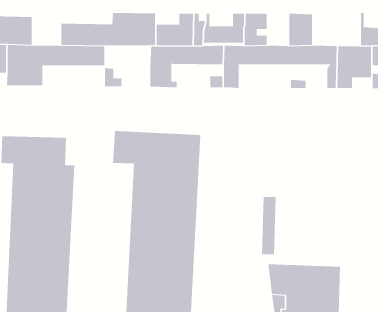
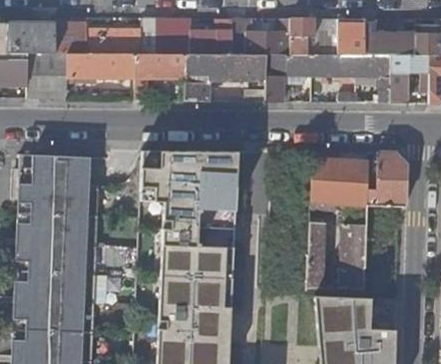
building: none -> [313,19,336,55]
building: none -> [363,19,415,55]
building: none -> [53,23,85,54]
building: none -> [133,55,183,77]
building: none -> [309,152,405,207]
building: none -> [339,223,364,288]

